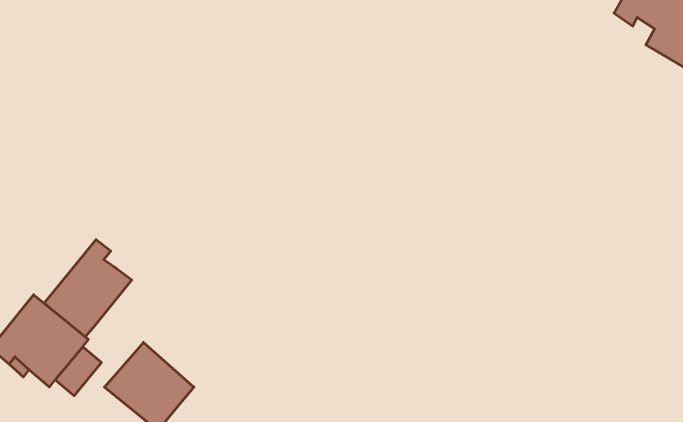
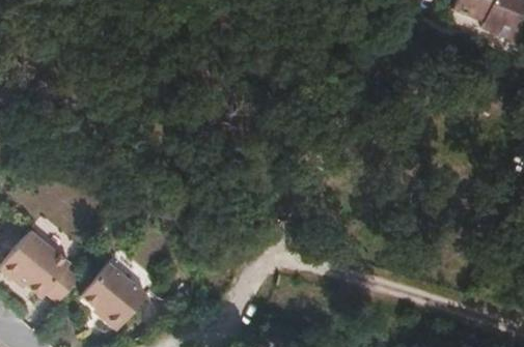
building: [44,240,132,337] -> none

